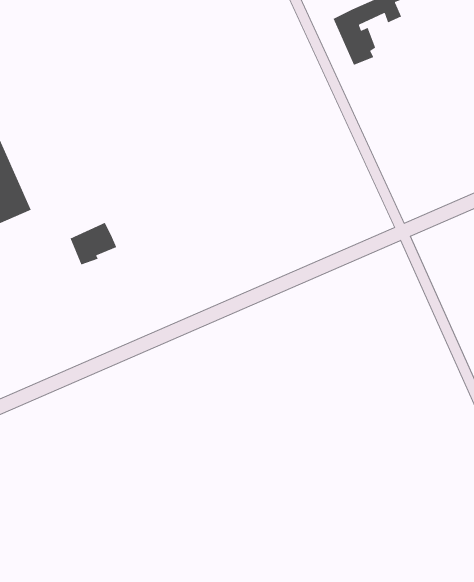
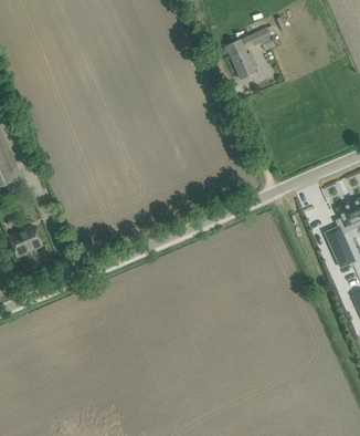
building: [69,222,118,266] -> [9,228,42,258]

